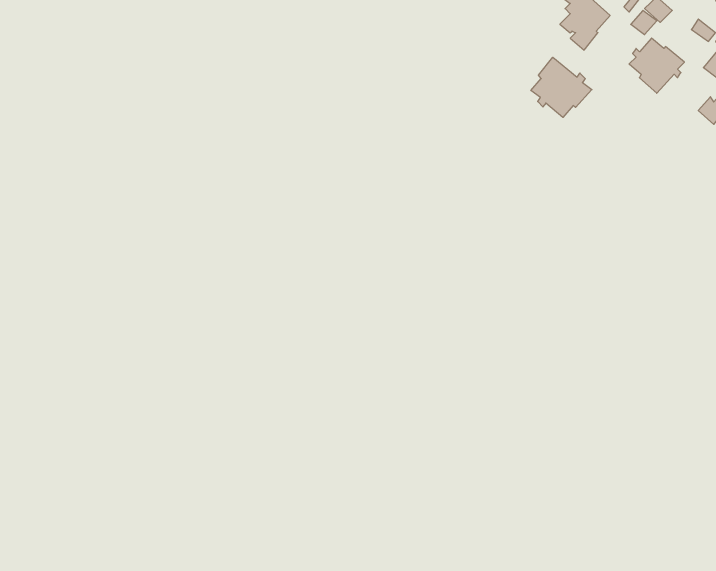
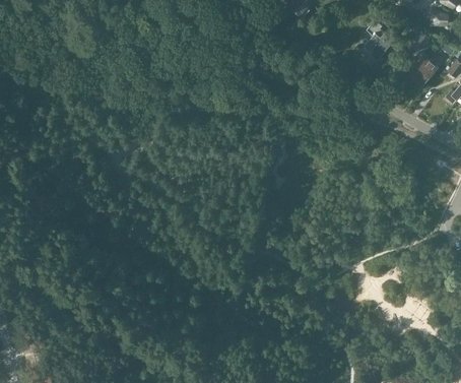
building: [531,57,592,117] -> none

